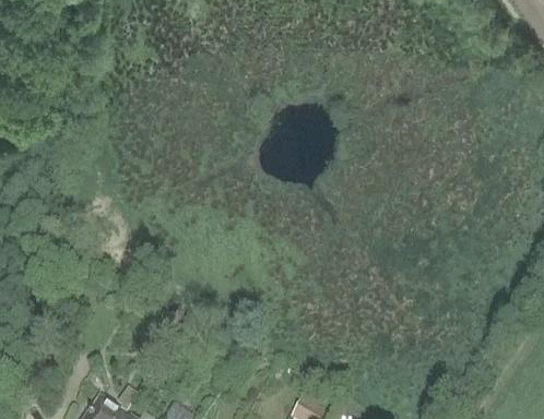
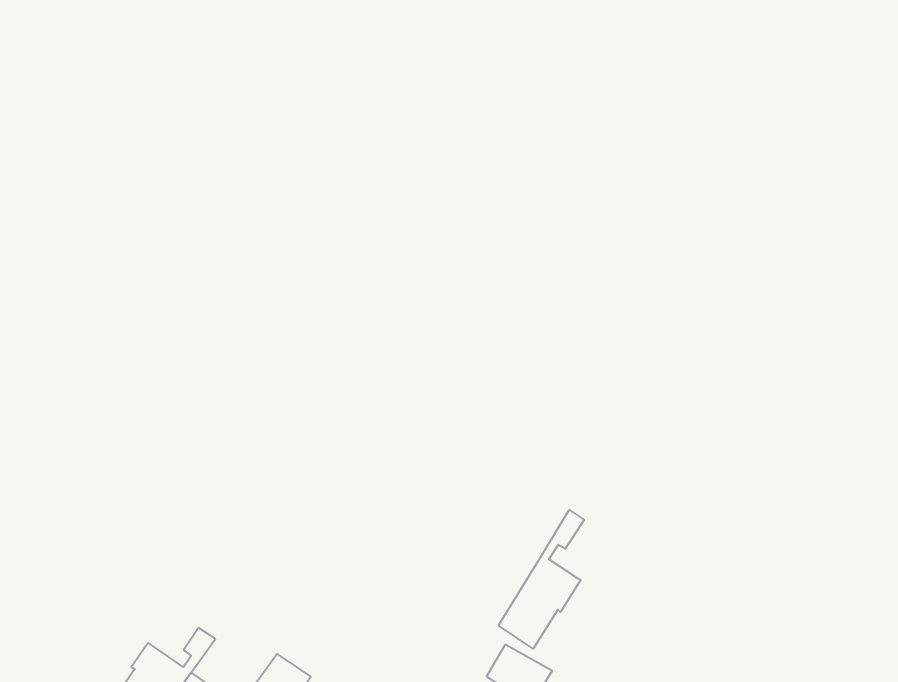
building: none -> [499,510,584,649]

